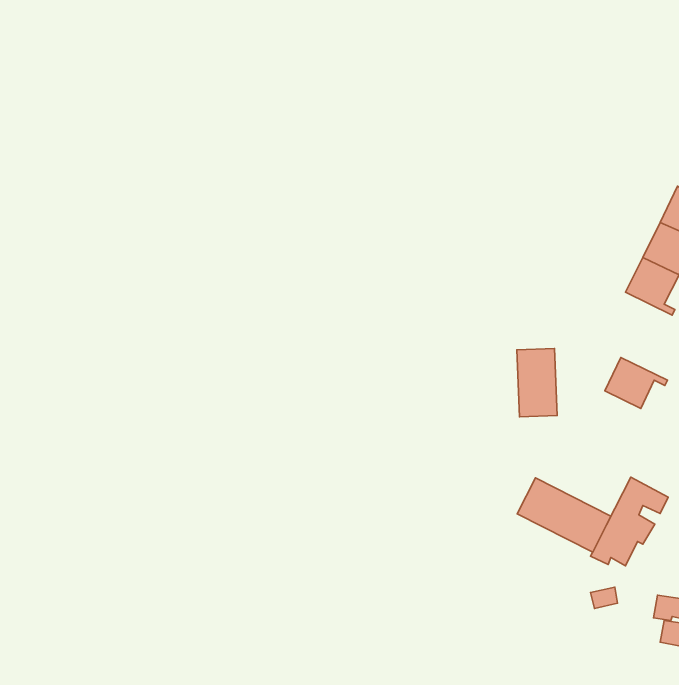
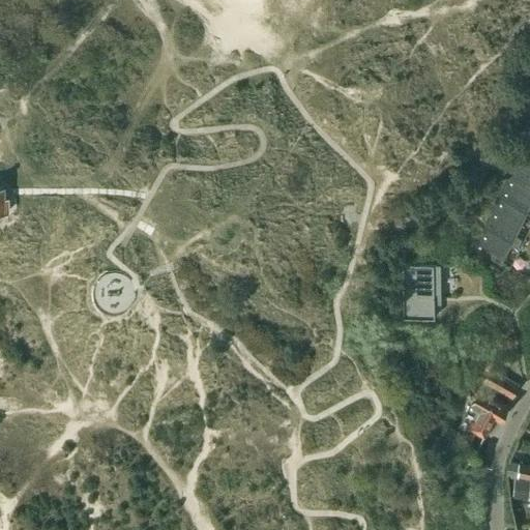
building: [605,357,668,408] -> [475,226,524,265]
building: [517,478,611,552] -> none

